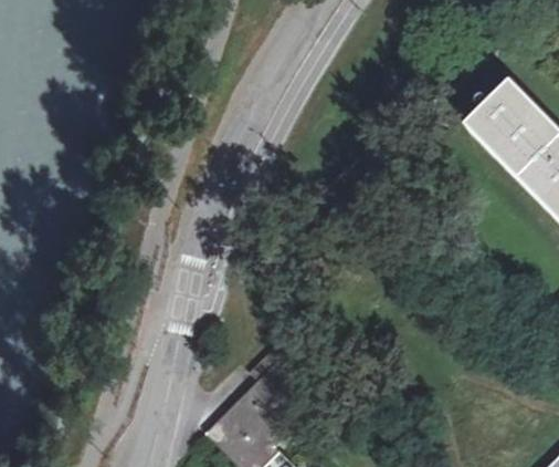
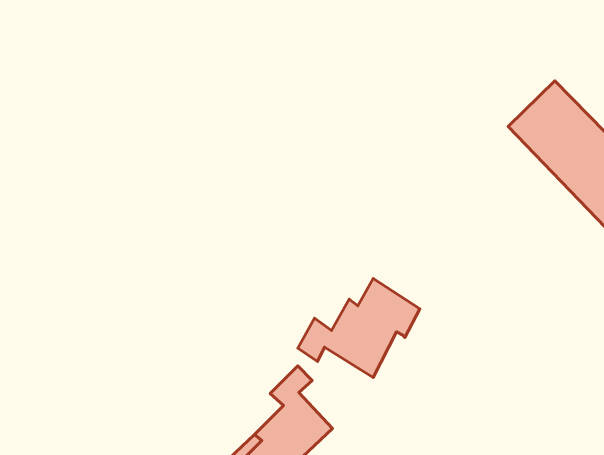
building: none -> [298,278,420,377]

